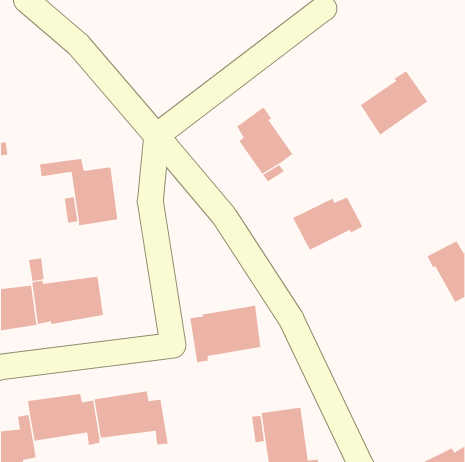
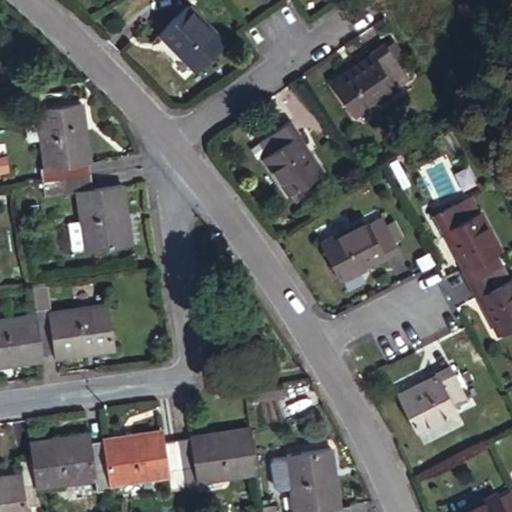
building: none -> [161,8,225,72]
building: [360,71,428,135] -> [333,46,408,117]
building: none -> [38,106,91,184]
building: none -> [433,196,502,285]
building: [189,305,261,363] -> [177,428,256,491]
building: none -> [398,367,468,432]

